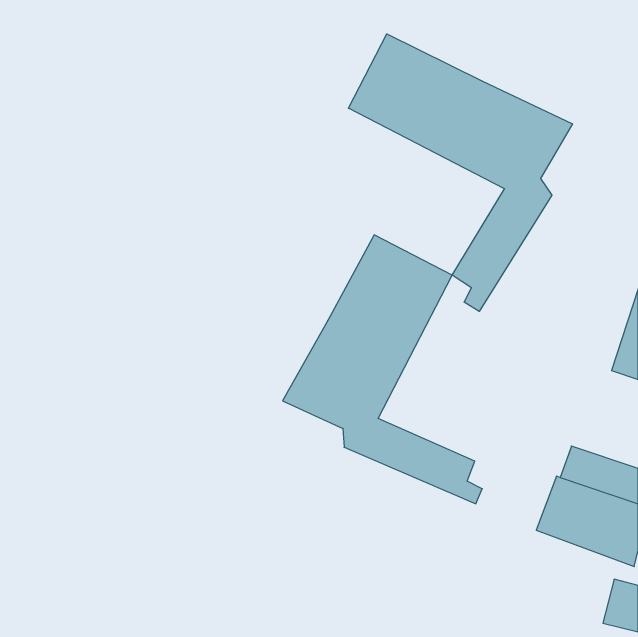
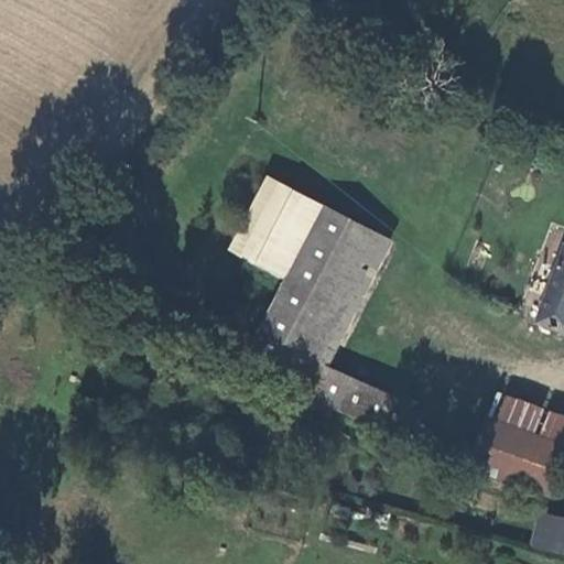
building: [348,34,573,311] -> none
building: none -> [229,175,328,281]

